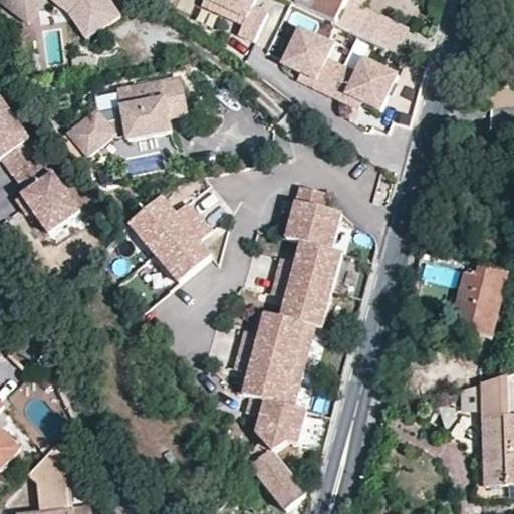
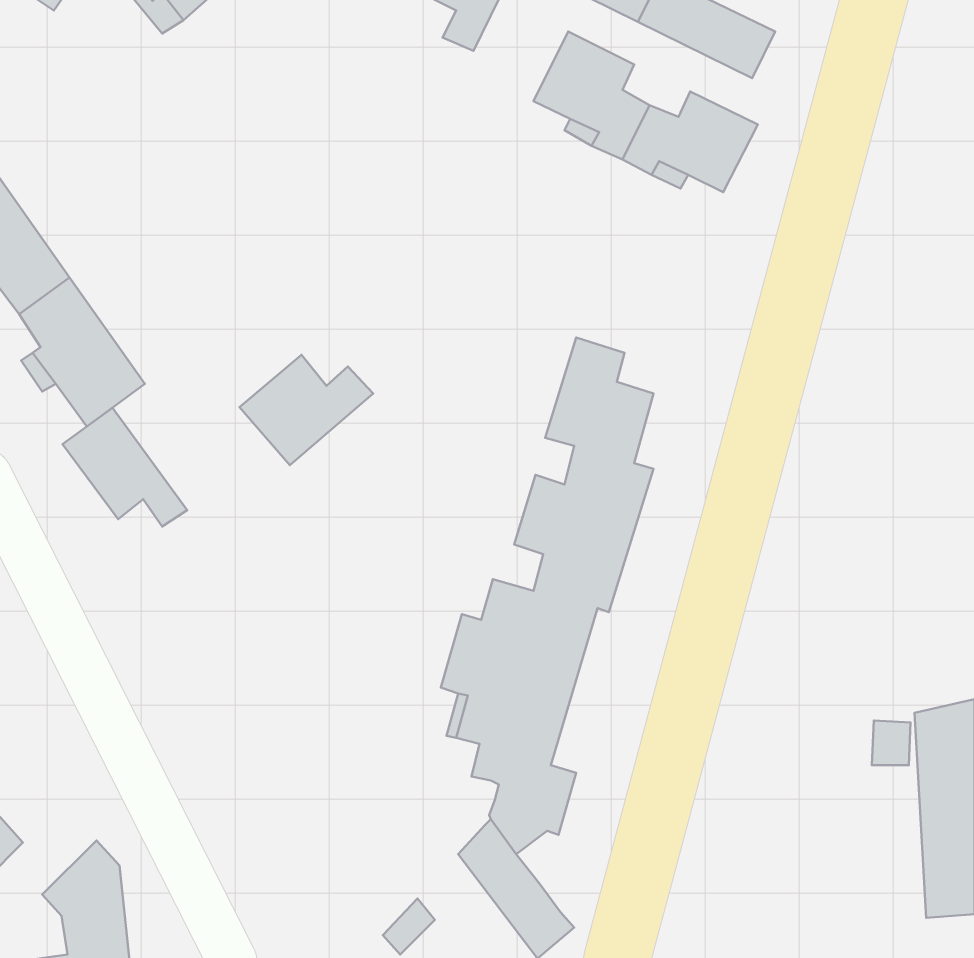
building: [65,72,188,153] -> none
building: [156,216,213,283] -> none
building: none -> [62,408,187,526]
building: [447,263,504,339] -> none

